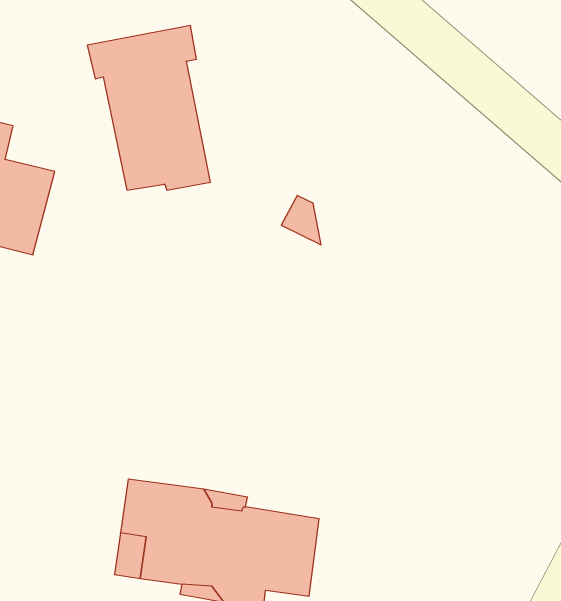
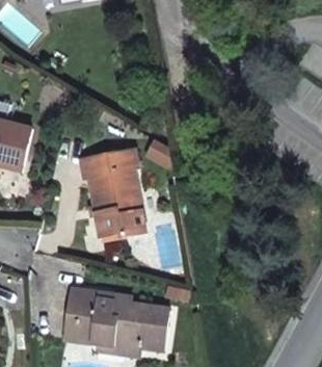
building: [87,25,210,190] -> [79,149,143,235]

